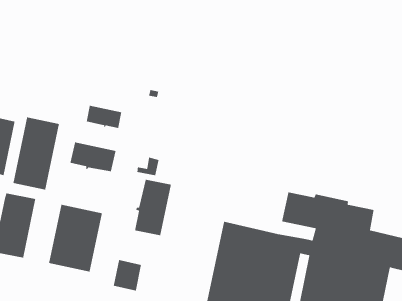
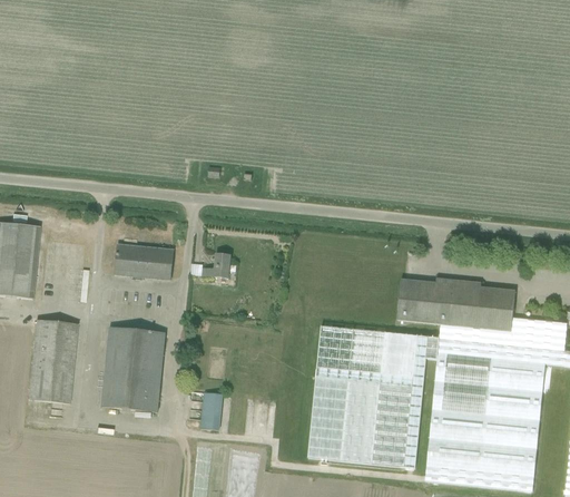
building: [86,105,122,129] -> none
building: [12,117,60,190] -> none
building: [134,179,172,236] -> none

